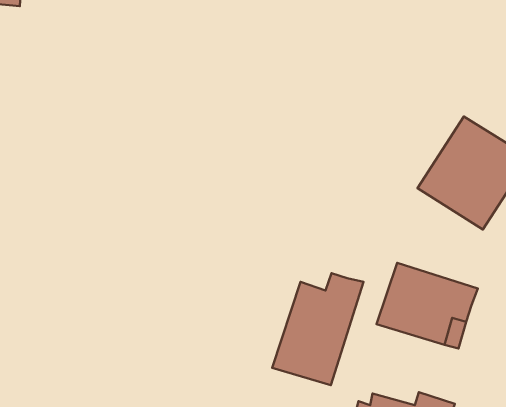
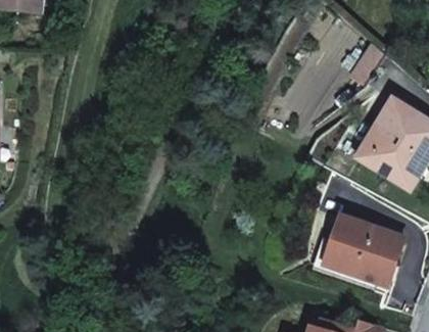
building: [272,273,363,385] -> none

